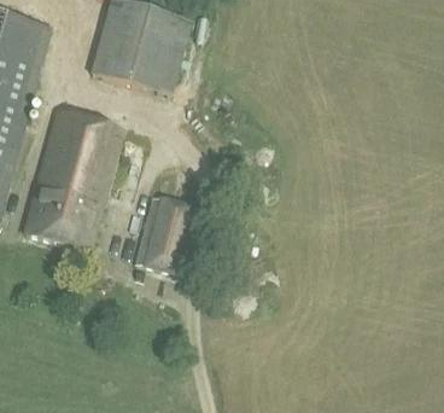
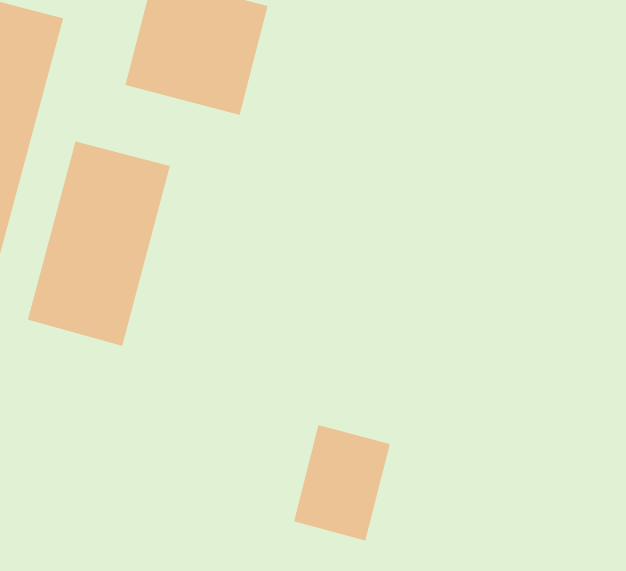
building: [135,193,201,273] -> [293,424,391,541]

